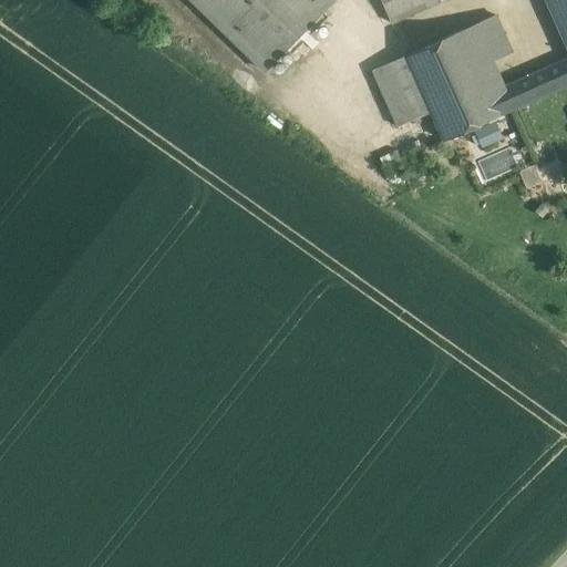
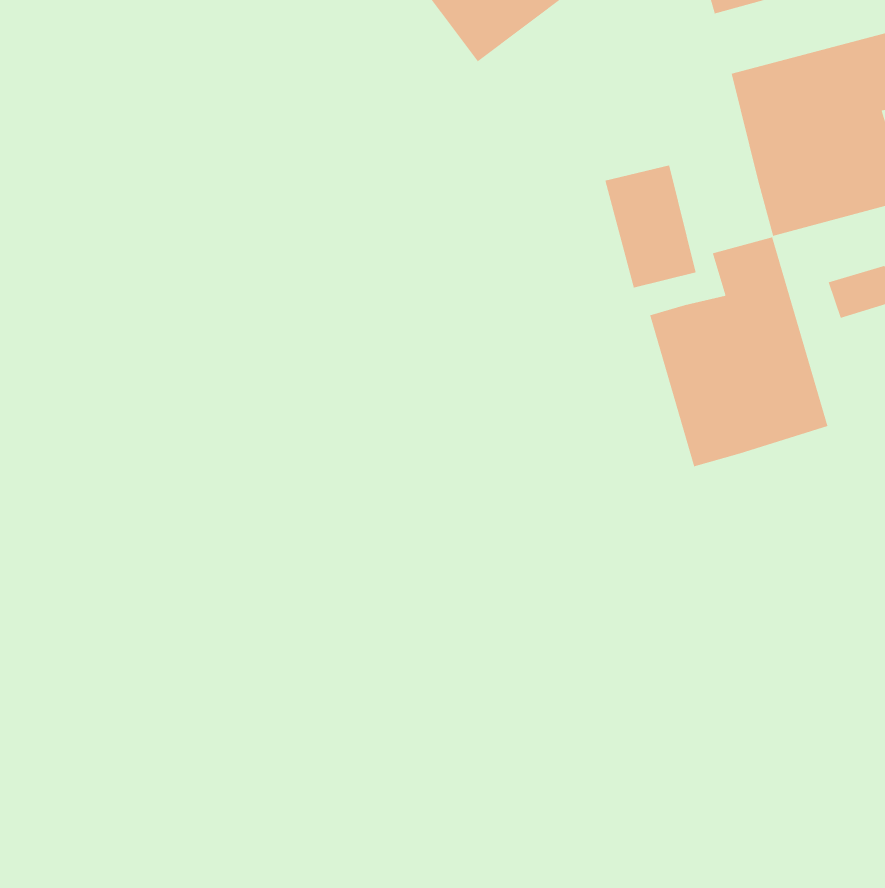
building: [373,54,432,125] -> [604,165,696,288]
building: none -> [650,236,828,467]

